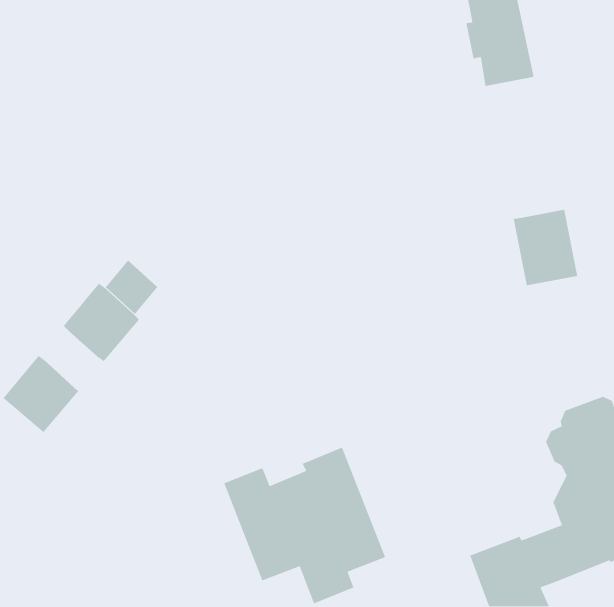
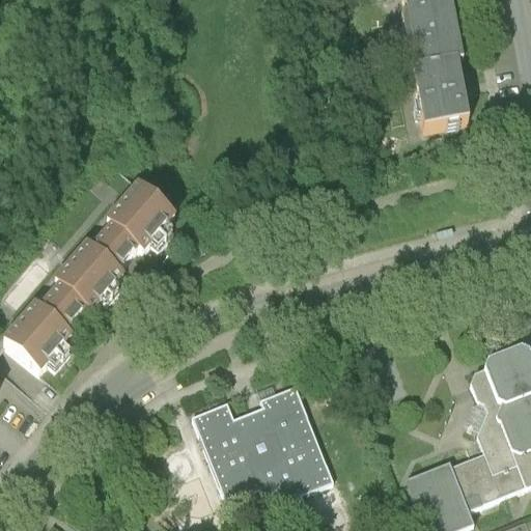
building: [513,209,578,286] -> [412,67,468,134]
building: none -> [107,181,174,251]
building: none -> [40,285,87,333]

